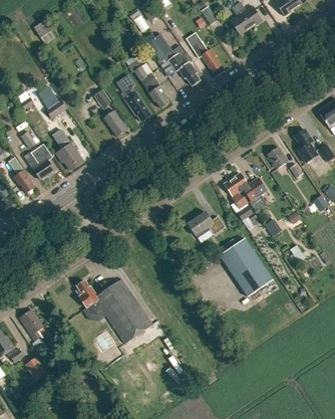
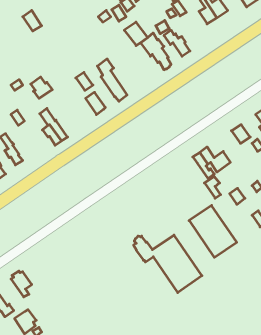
building: [127,59,170,108] -> none
building: [31,144,54,179] -> none
building: [188,211,225,235] -> none
building: [76,278,152,343] -> [134,235,202,293]

